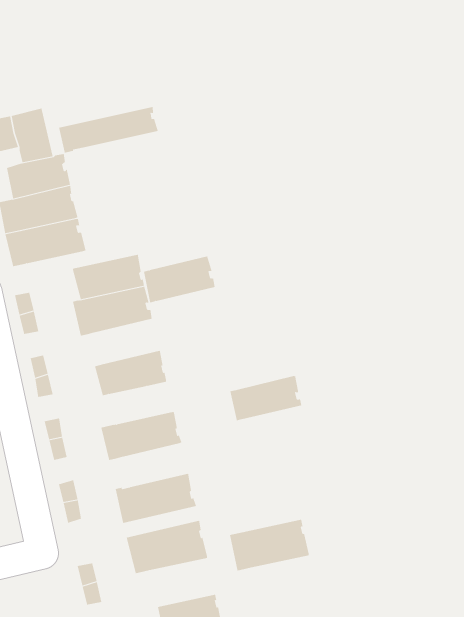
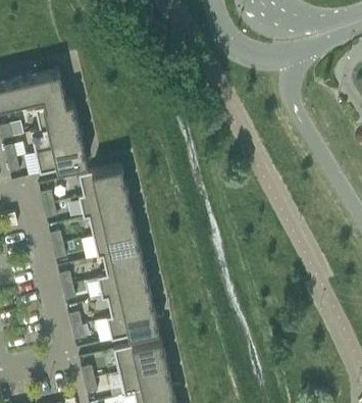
building: [58,106,158,154] -> none
building: [143,256,216,303] -> [88,207,135,238]
building: [230,376,302,421] -> [106,288,153,317]
building: none -> [101,247,144,275]
building: [229,518,309,571] -> [118,361,170,396]

